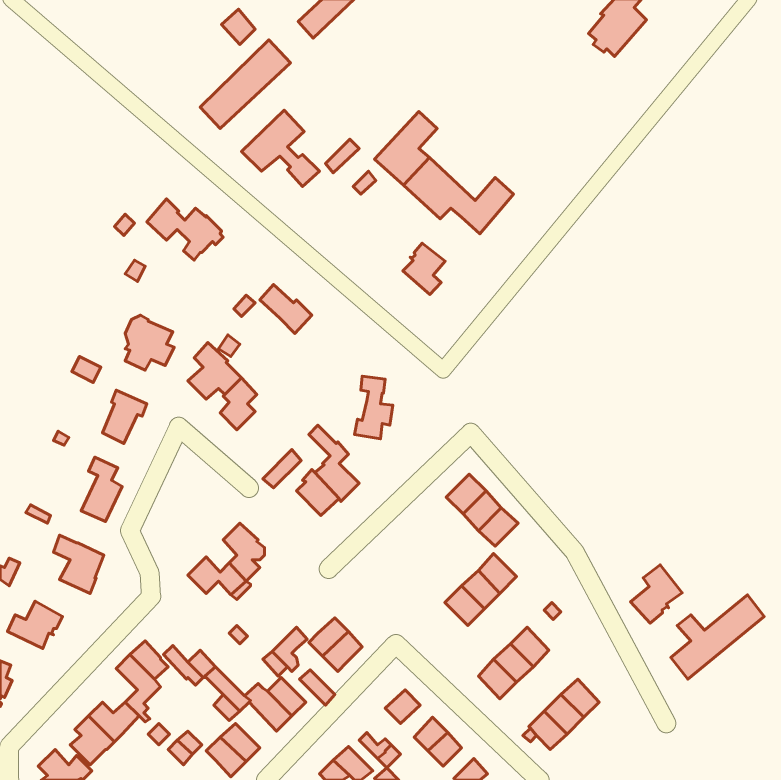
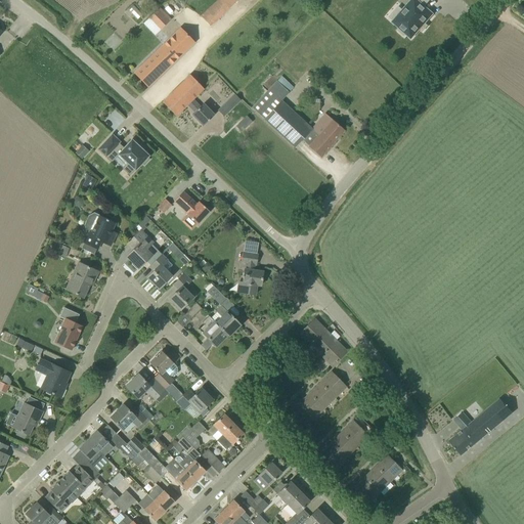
building: [403,243,445,295] -> none
building: none -> [169,272,193,309]
building: [631,565,682,623] -> none
building: none -> [176,387,212,411]
building: none -> [111,403,146,429]

